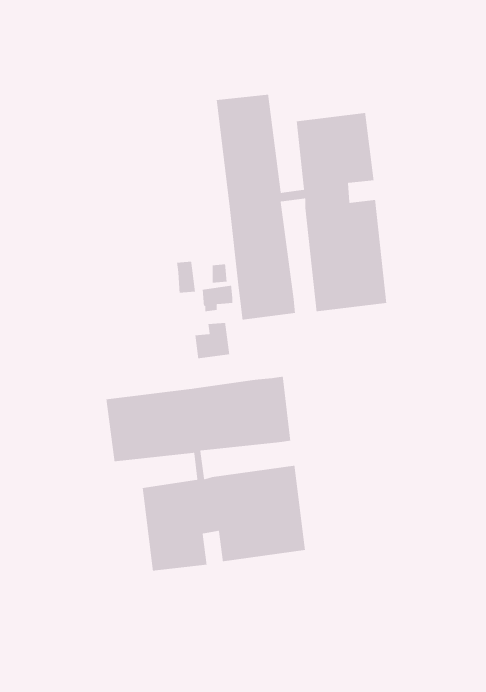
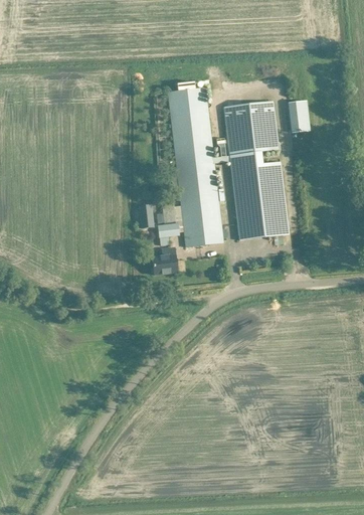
building: none -> [288,100,310,132]
building: [105,376,306,571] -> none

